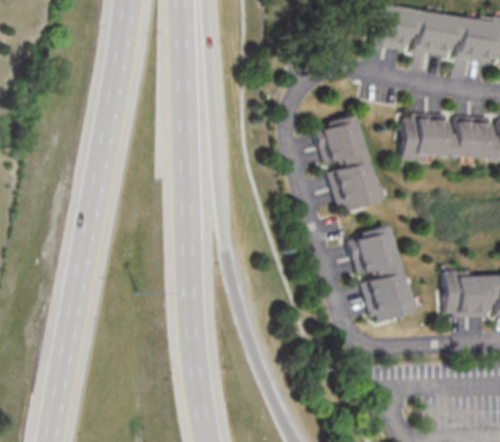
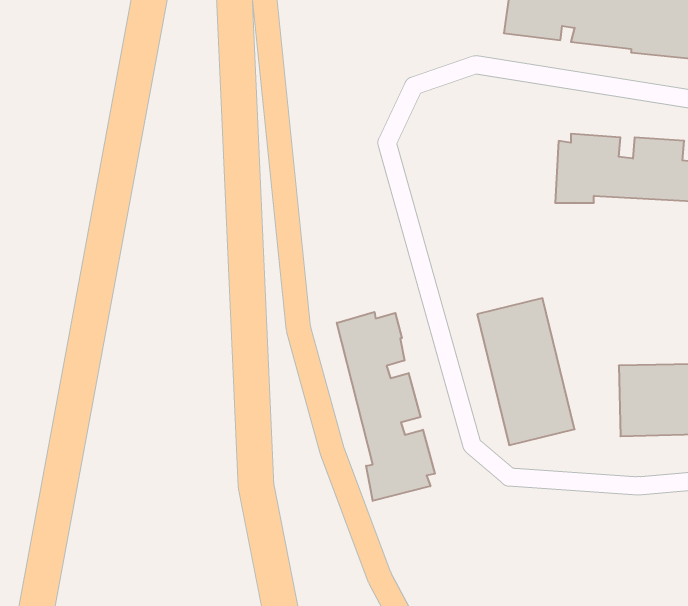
building: [317,114,383,214] -> none
building: none -> [337,312,435,501]

